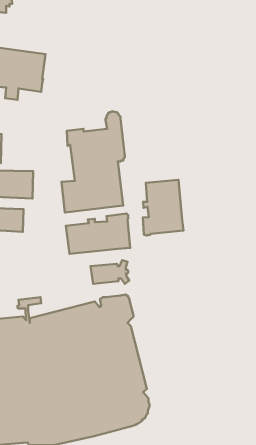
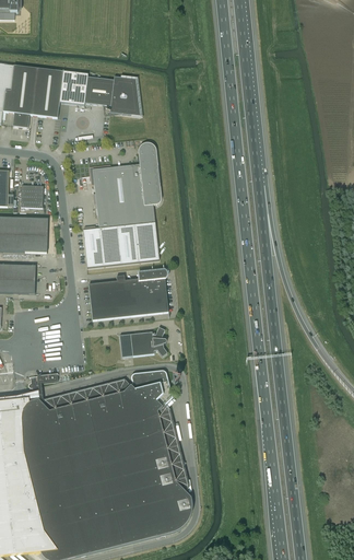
building: none -> [58,71,140,116]
building: none -> [20,185,43,208]
building: [143,180,183,235] -> none

